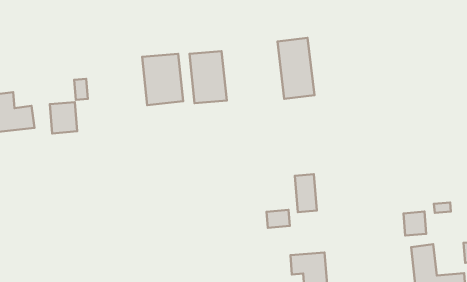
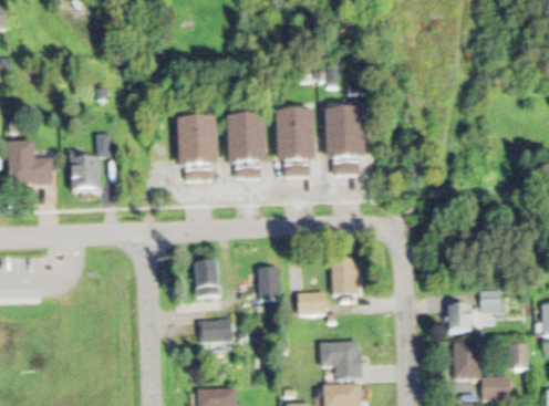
building: none -> [279,111,312,173]
building: none -> [197,261,218,295]
building: none -> [260,268,279,296]
building: none -> [199,319,230,340]

